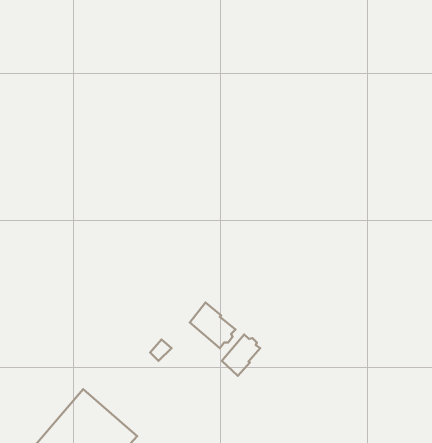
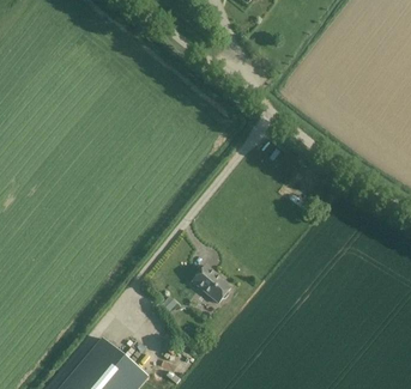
building: [222,334,260,376] -> none

